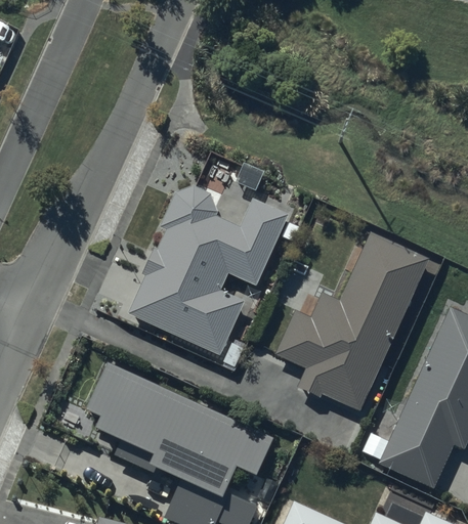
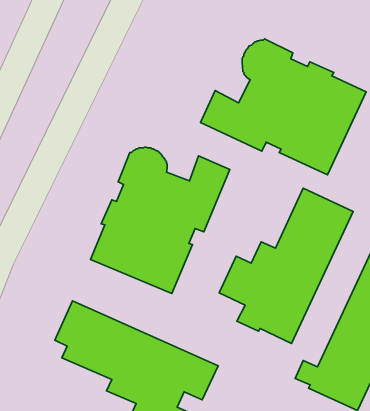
building: none -> [200,39,366,175]

